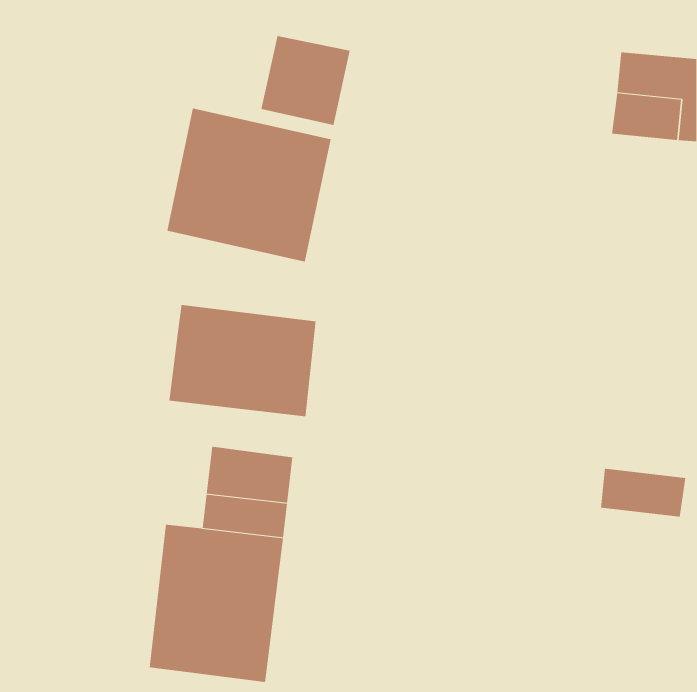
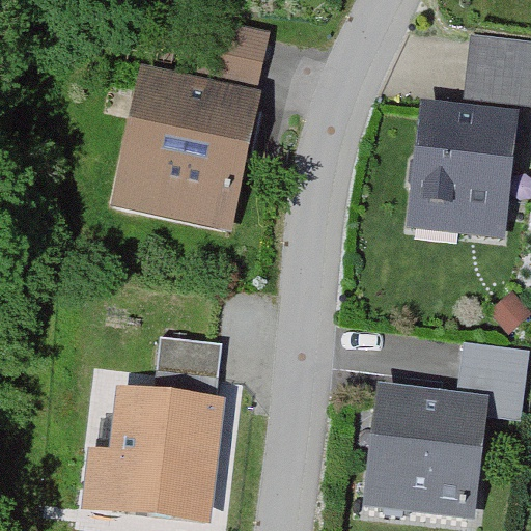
building: none -> [412,116,513,216]
building: [169,304,316,417] -> none
building: none -> [373,403,480,515]

